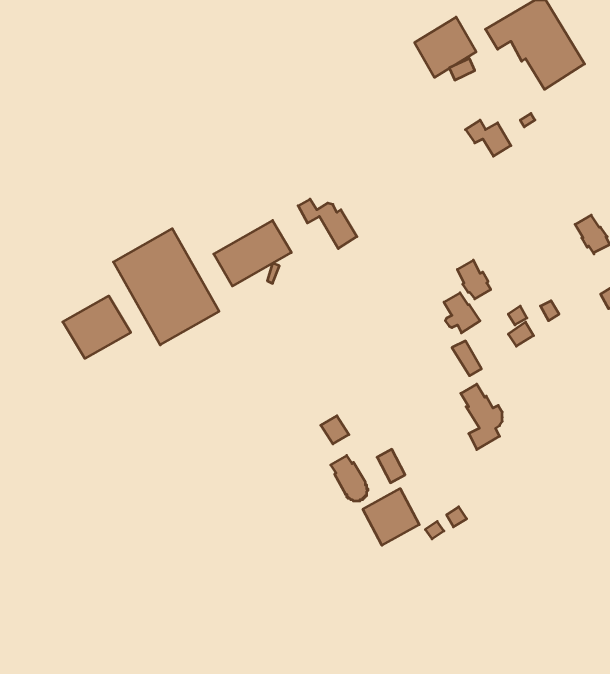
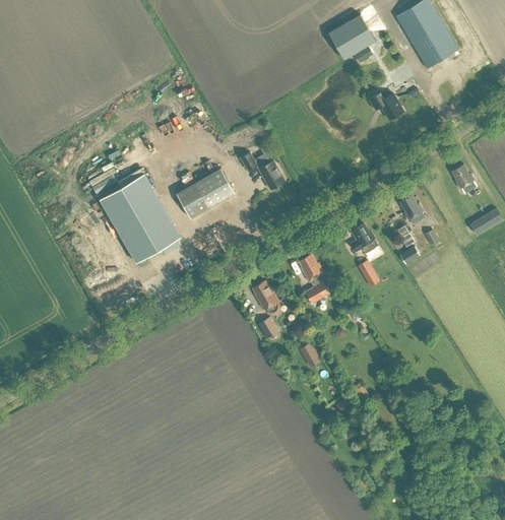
building: [457,260,491,299] -> [399,194,425,223]
building: [63,296,131,358] -> none
building: [461,384,502,450] -> [299,253,330,303]
building: [331,455,368,501] -> [252,279,280,314]
building: [363,489,419,545] -> none

